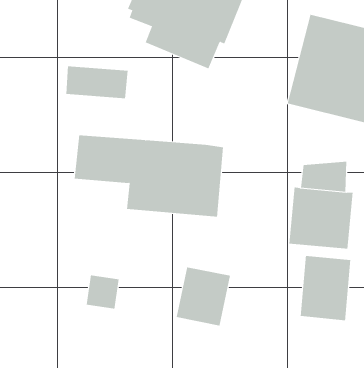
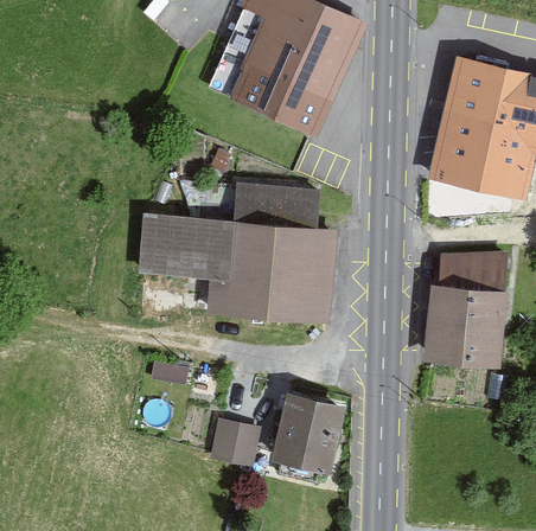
building: [65,66,128,99] -> [232,184,317,228]
building: [300,255,351,321] -> none
building: [86,275,119,309] -> [211,418,256,465]

